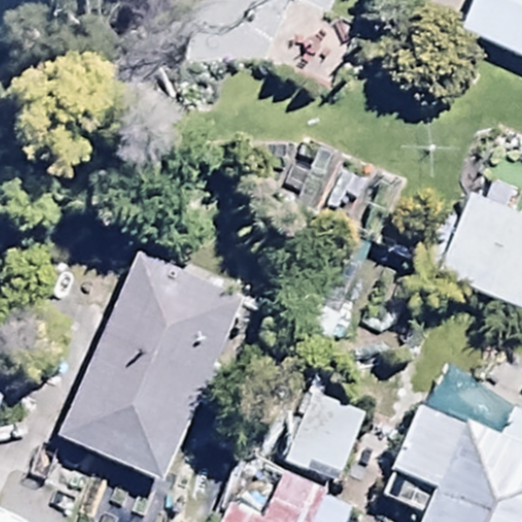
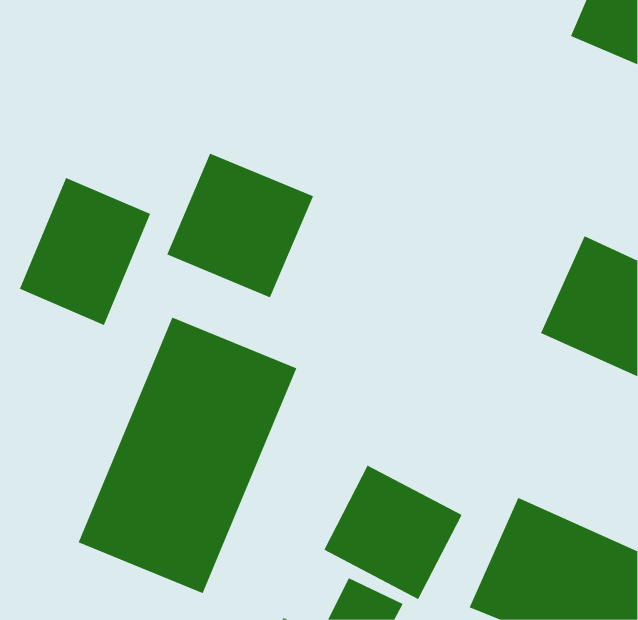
building: none -> [166,153,314,298]
building: none -> [19,177,151,326]

